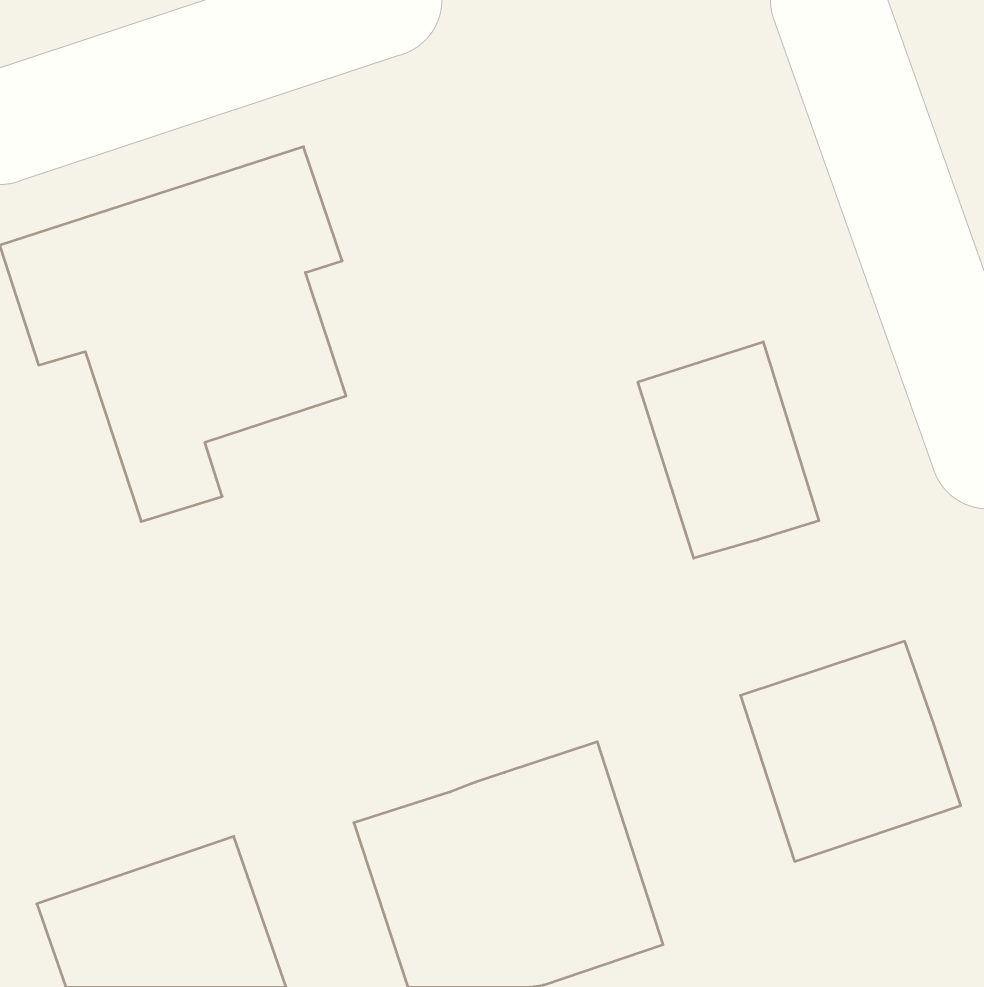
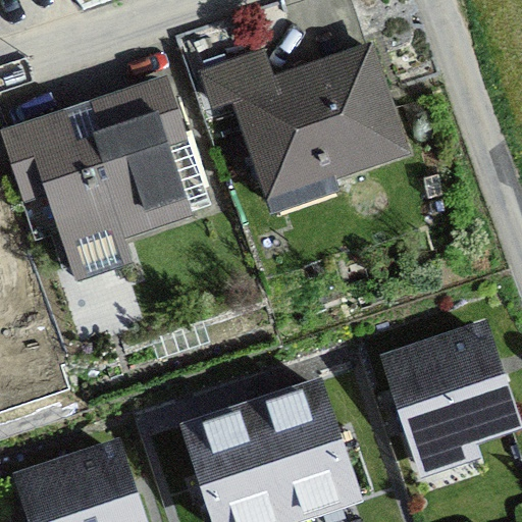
building: none -> [201,50,398,206]
building: [638,342,819,558] -> none

